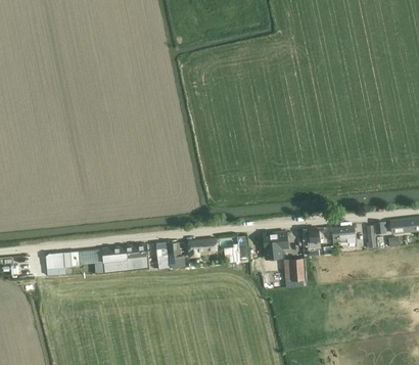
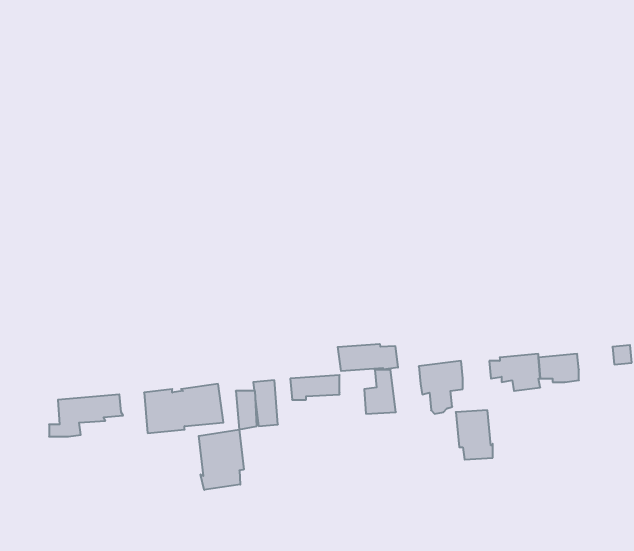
building: none -> [338,344,398,371]
building: none -> [199,430,244,490]

